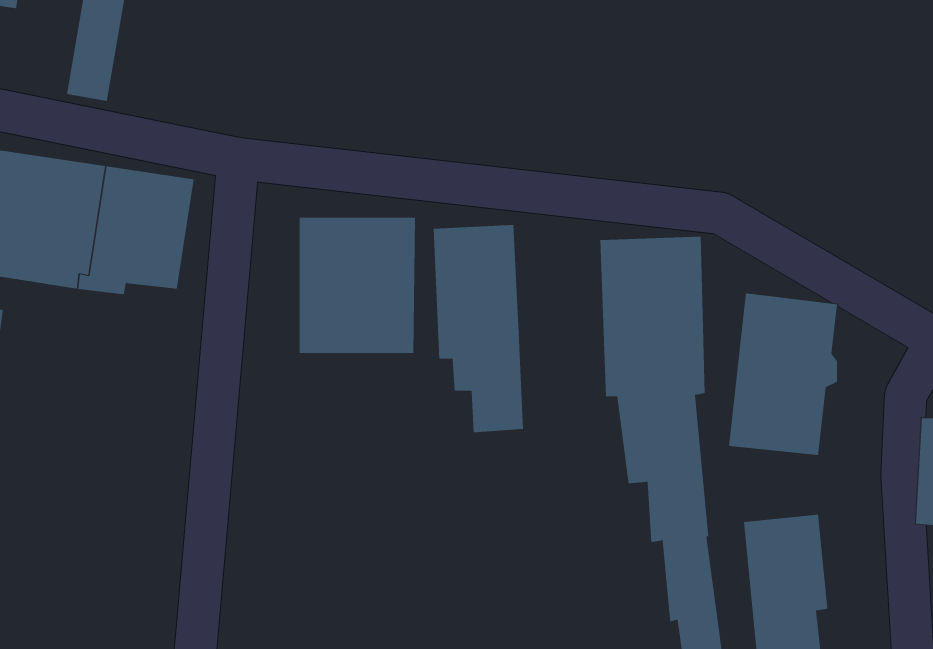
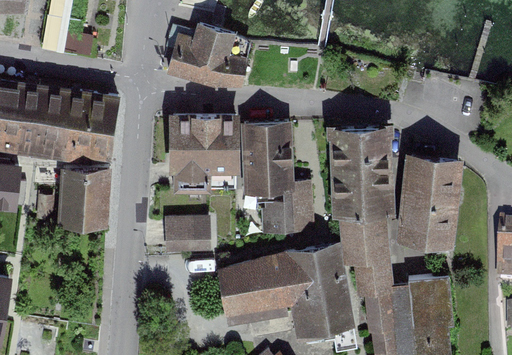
building: none -> [166,26,249,82]
building: none -> [59,168,108,226]
building: none -> [290,182,313,230]
building: none -> [166,221,206,249]
building: none -> [220,245,351,336]

